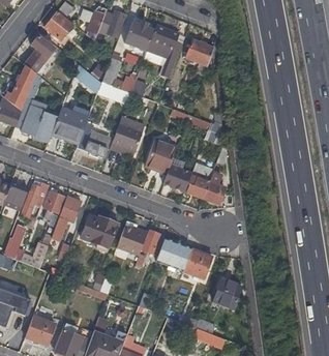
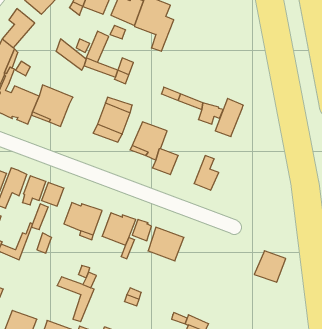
building: [185,38,215,66] -> none
building: [78,124,111,157] -> none
building: [187,162,213,198] -> [215,98,243,137]
building: [183,247,213,279] -> none
building: [211,278,240,307] -> [254,251,286,282]

